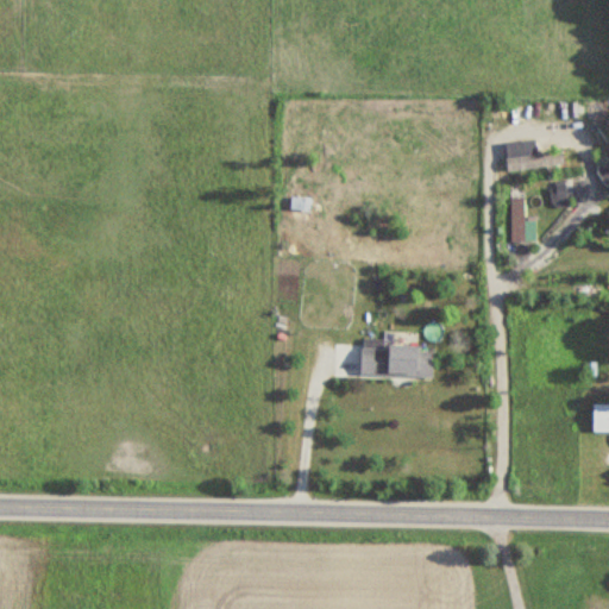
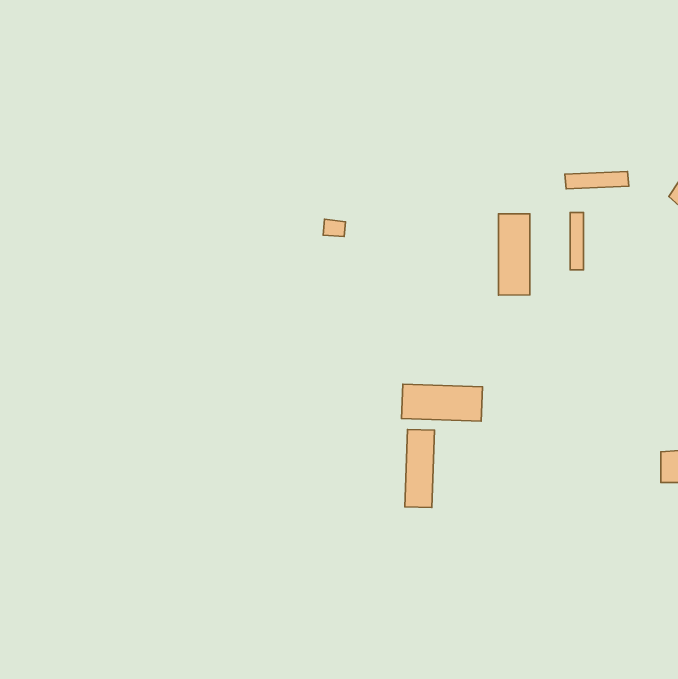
building: none -> [499,214,530,295]
building: none -> [405,429,434,507]

